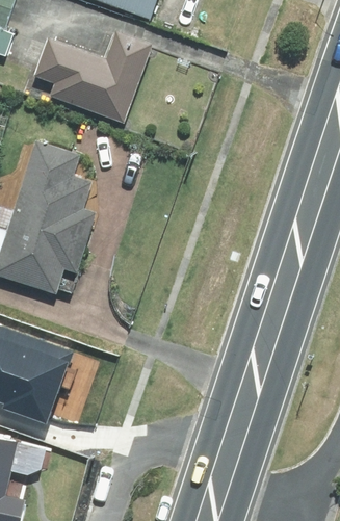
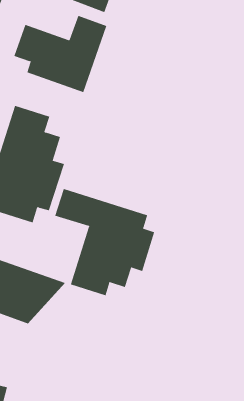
building: none -> [55,188,155,296]

